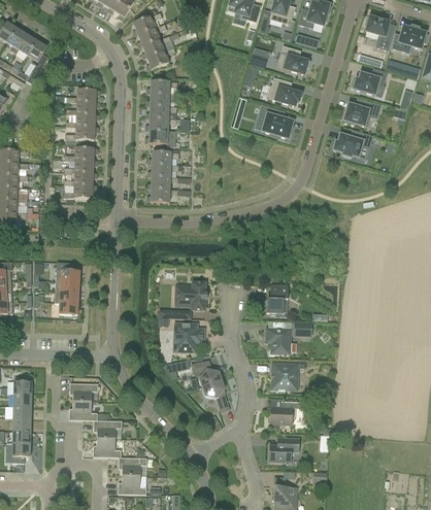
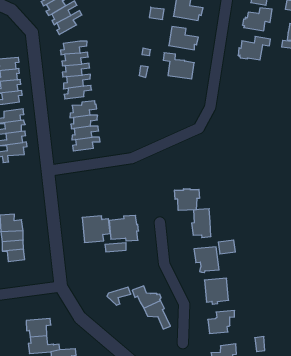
building: [331,131,373,159] -> none
building: none -> [175,189,199,210]
building: [174,322,204,351] -> [82,216,110,242]

